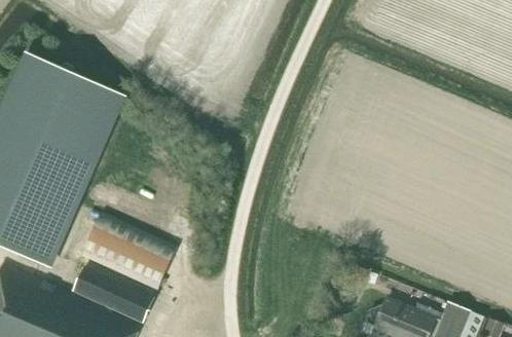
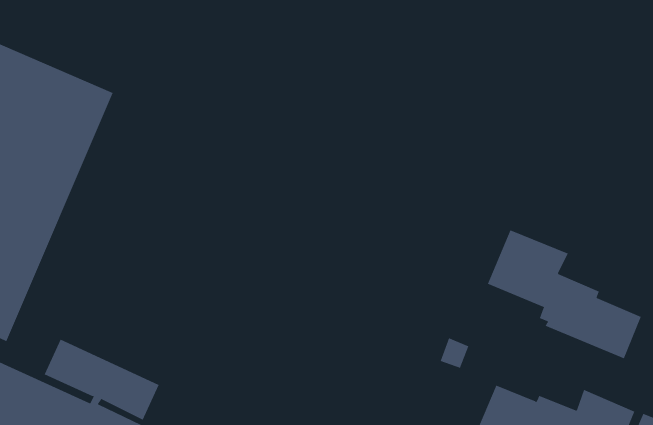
building: none -> [487,229,642,359]
building: [80,211,177,291] -> none

